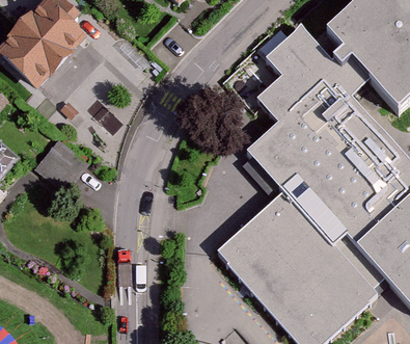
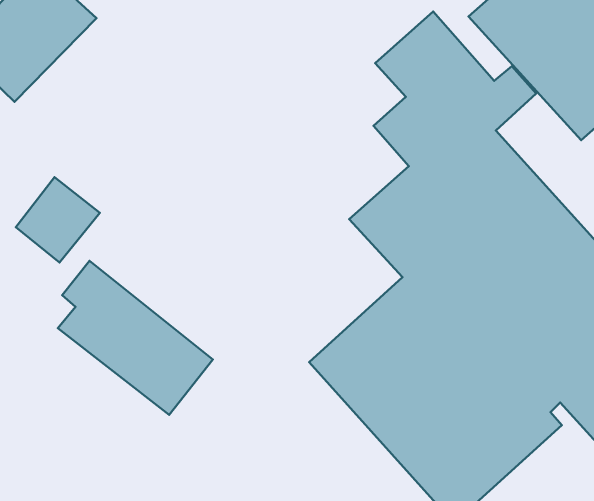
building: none -> [58,261,213,415]

